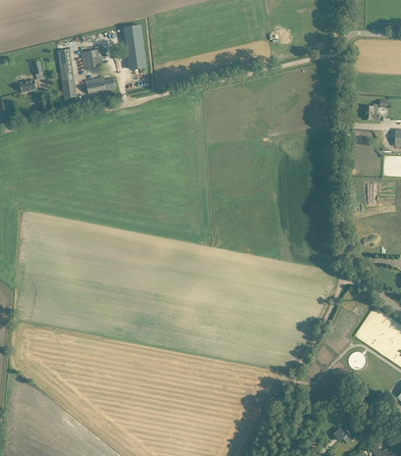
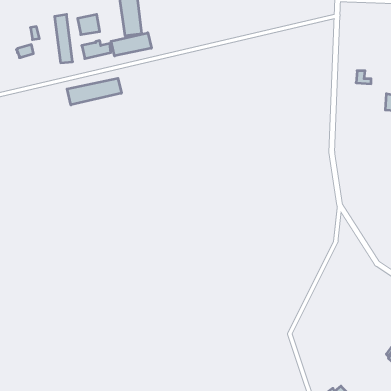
building: none -> [111,33,151,56]
building: none -> [67,78,121,105]

